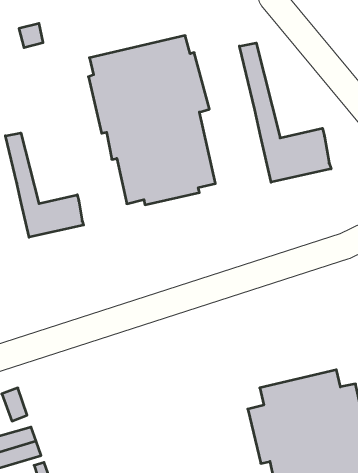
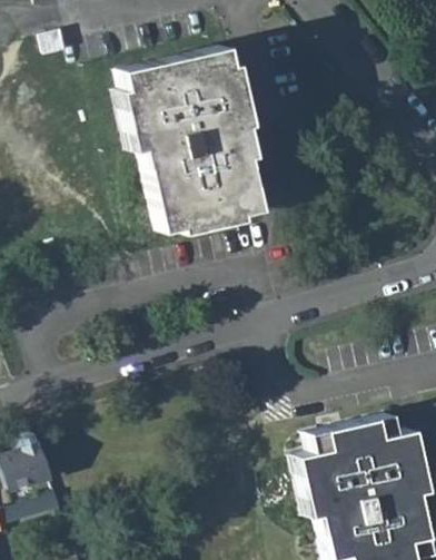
building: [239,43,331,182] -> none
building: [5,133,84,237] -> none

